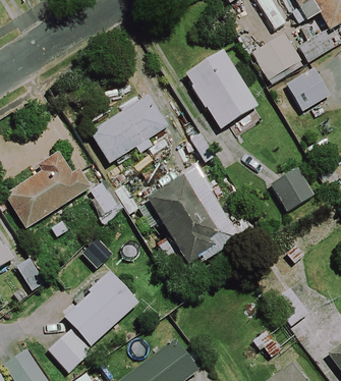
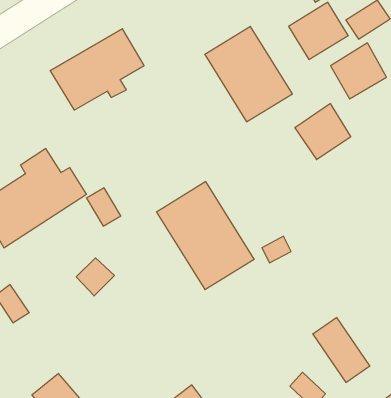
building: [91,97,166,162] -> [50,29,144,110]
building: [269,167,314,212] -> [295,104,351,160]
building: [64,271,138,345] -> none

